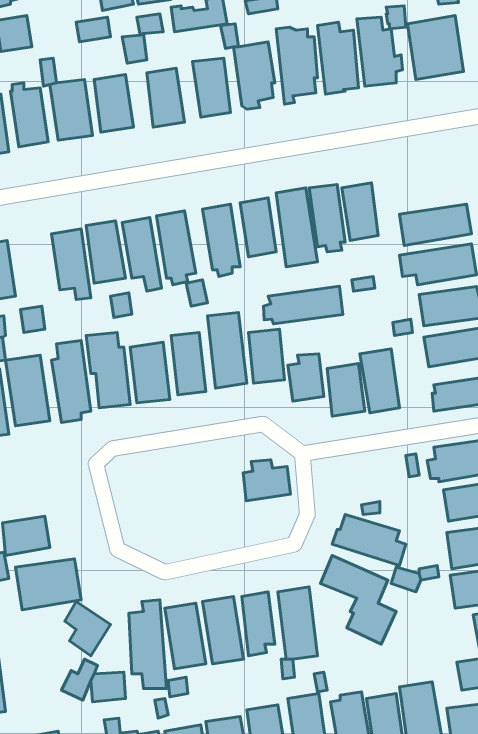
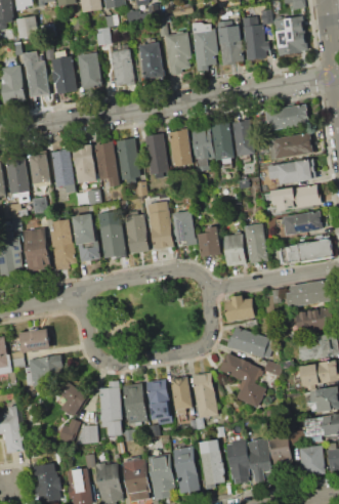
building: none -> [265,104,309,130]
building: none -> [28,154,51,191]
building: [264,286,343,324] -> none
building: [243,460,291,501] -> [225,296,255,322]

